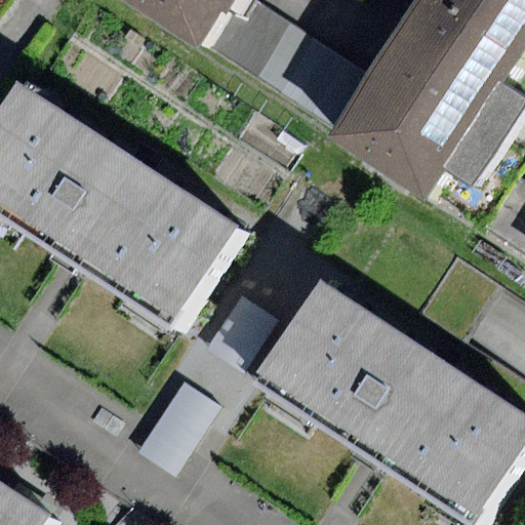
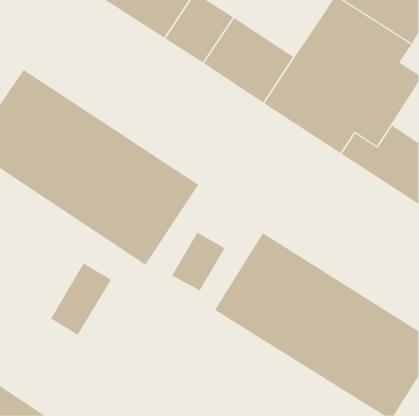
building: [146,375,223,467] -> [50,262,112,336]

